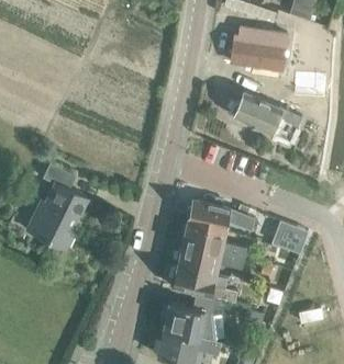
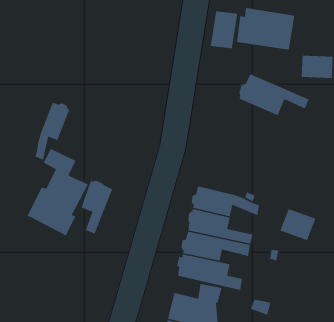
building: none -> [210,11,238,49]
building: none -> [34,102,71,161]
building: none -> [80,180,113,234]

